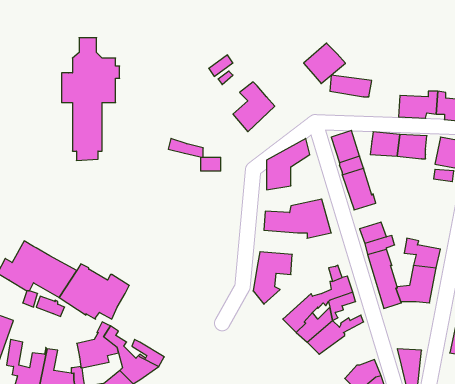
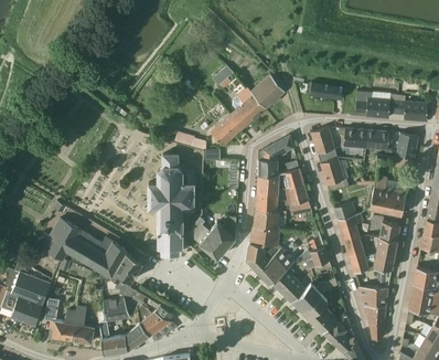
building: [62,38,120,160] -> [149,155,196,255]
building: [304,43,345,84] -> [250,75,285,108]
building: none -> [211,115,243,146]
building: none -> [257,169,303,195]
building: none -> [371,177,407,215]
building: none -> [253,210,286,230]
building: none -> [188,216,236,258]
building: none -> [256,247,295,285]
building: none -> [358,268,392,308]
building: none -> [301,295,334,331]

